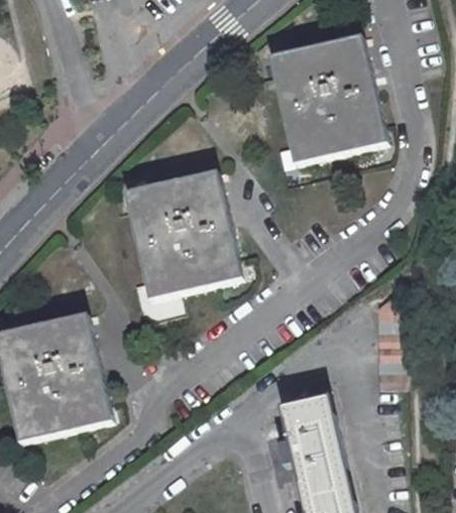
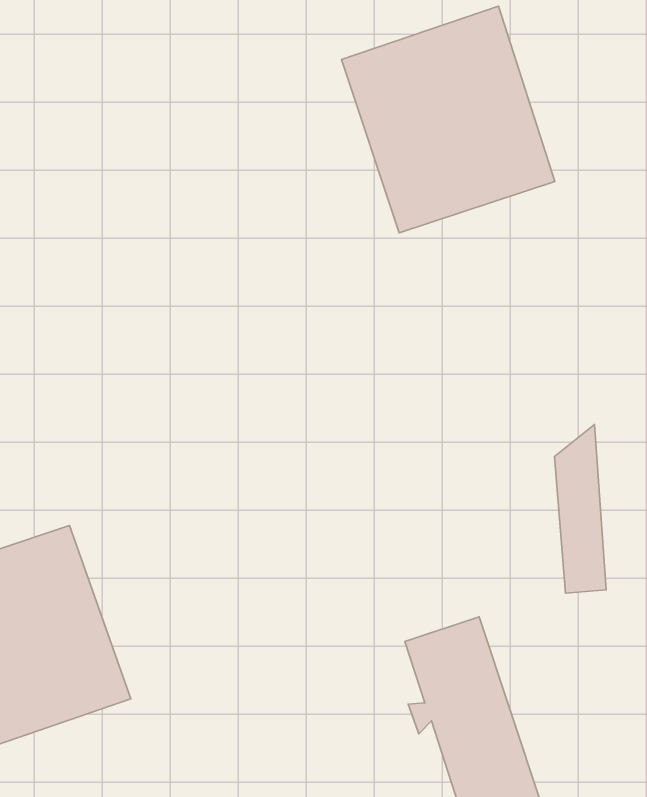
building: [122,173,242,302] -> none

